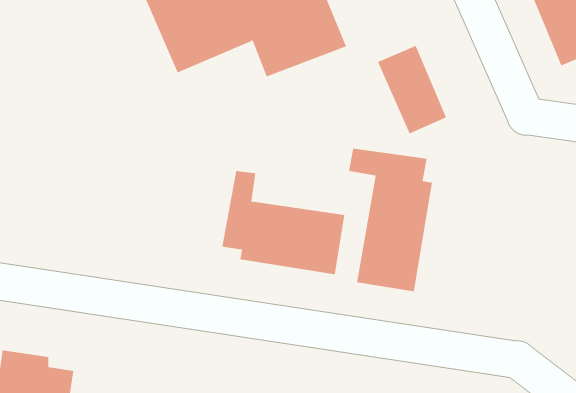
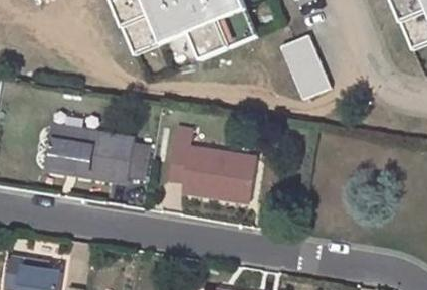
building: [348,148,432,292] -> none
building: none -> [45,126,135,179]

